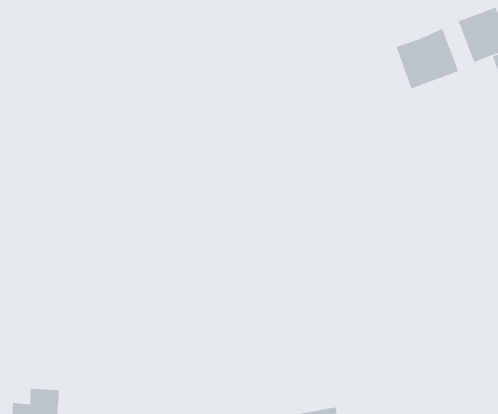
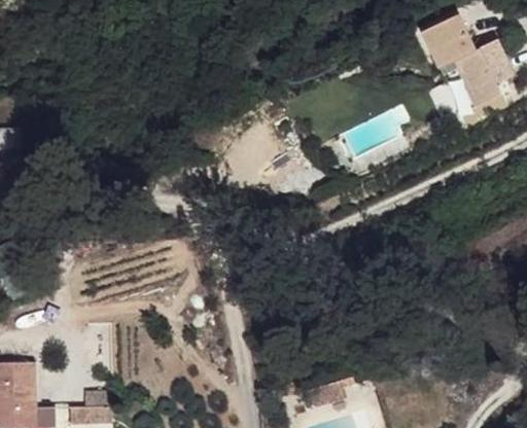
building: [396,28,459,89] -> none

